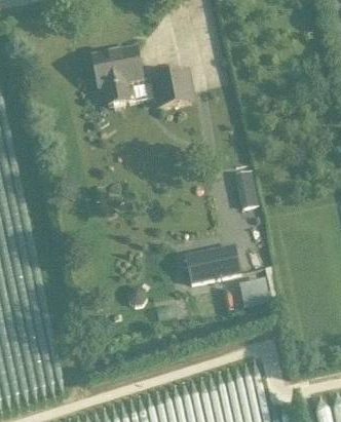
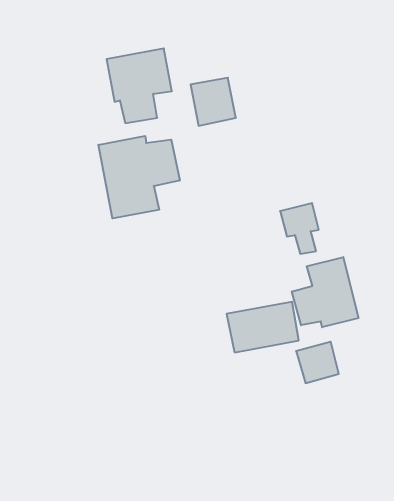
building: none -> [98,136,180,218]
building: none -> [292,257,359,327]

